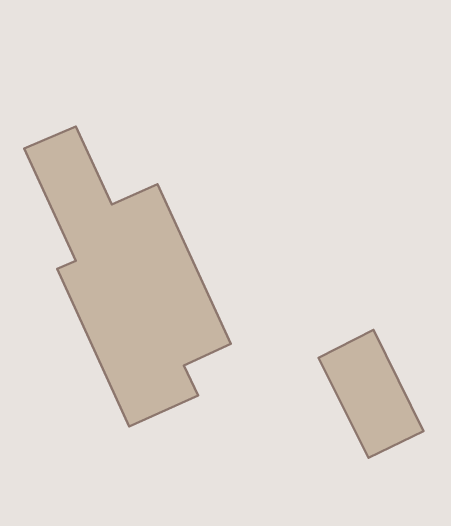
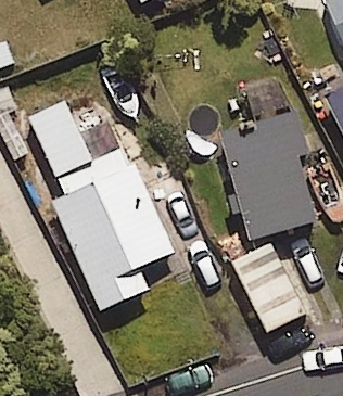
building: none -> [226,118,316,238]

